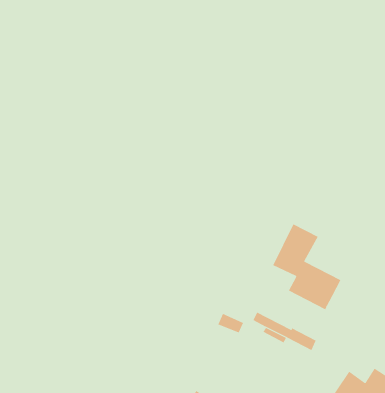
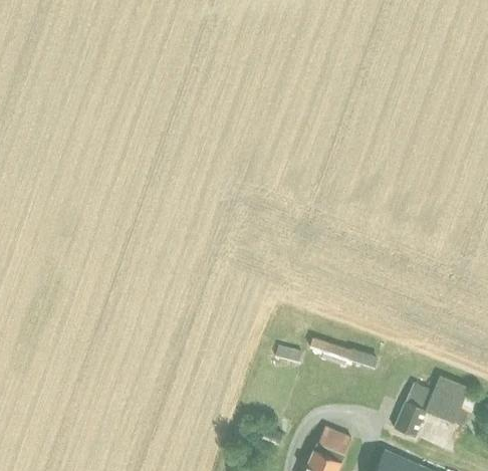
building: [272,224,341,310] -> none

